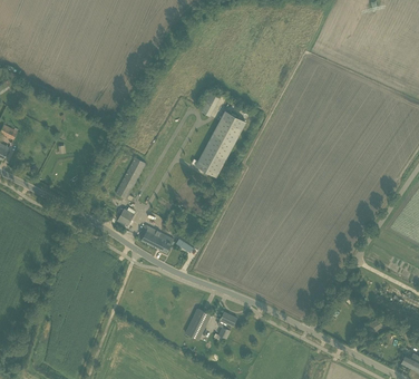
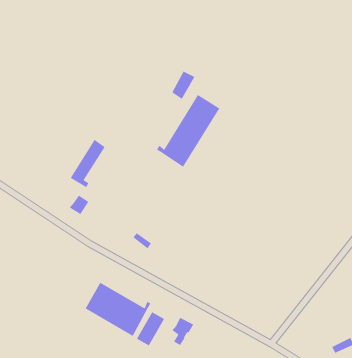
building: [136,223,173,252] -> none
building: none -> [85,282,151,337]

